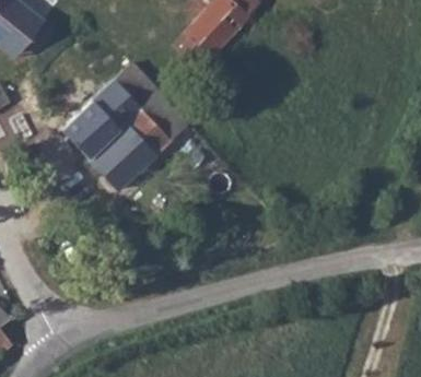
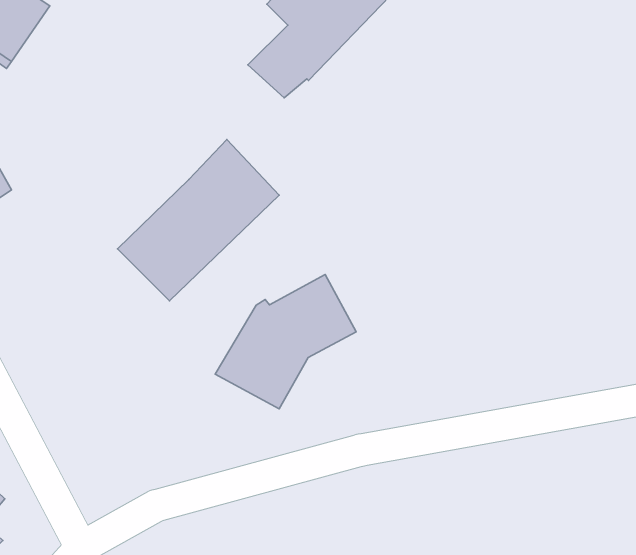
building: [61,67,155,161] -> none
building: none -> [215,275,356,409]

